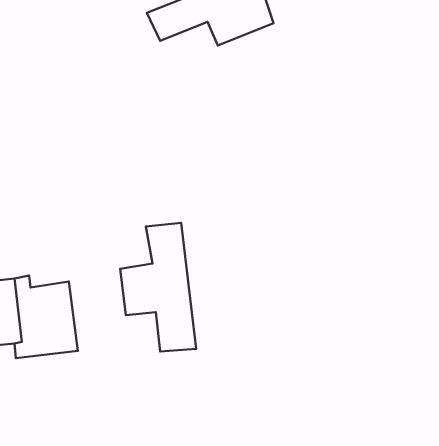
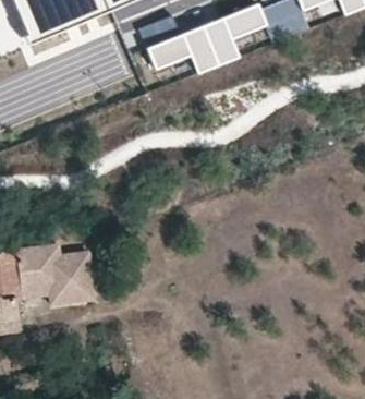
building: [120,223,196,351] -> none

